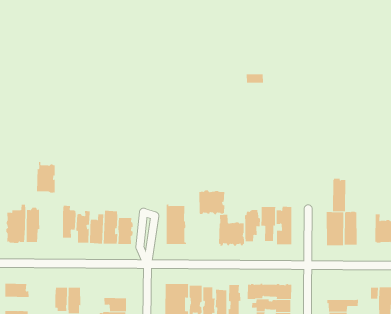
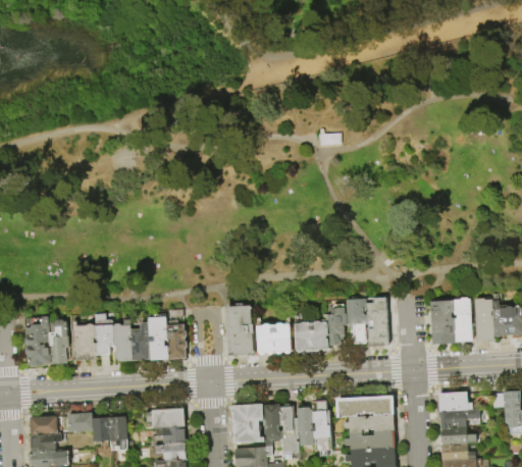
building: [36,161,56,193] -> [72,321,98,360]
building: [332,178,346,212] -> [474,298,493,341]
building: [199,190,225,215] -> [257,323,292,355]
building: none -> [67,412,93,432]
building: none -> [145,408,185,428]
building: none -> [436,391,472,412]
building: none -> [30,433,61,452]

